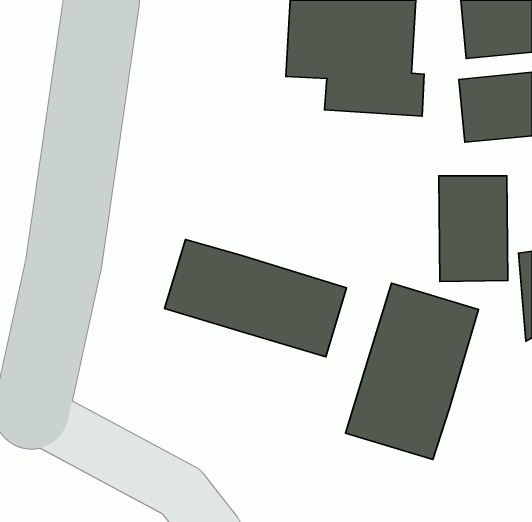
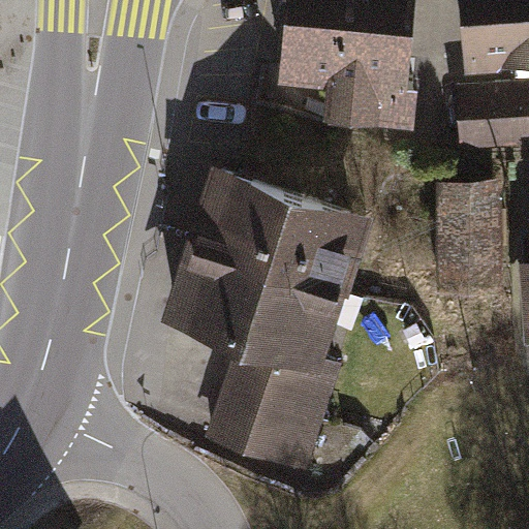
building: none -> [183,165,368,297]
building: [346,283,479,459] -> none
building: none -> [206,340,337,475]

